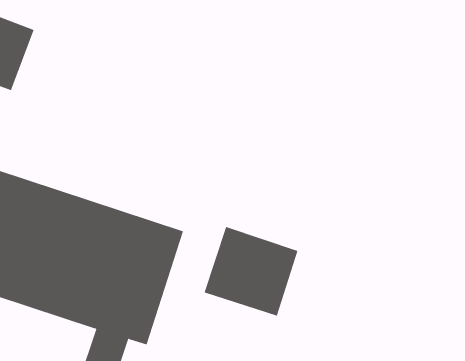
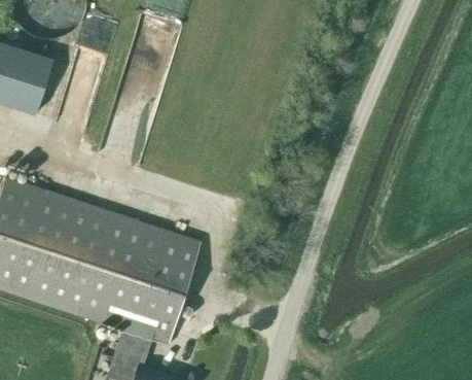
building: [204,226,298,316] -> none

